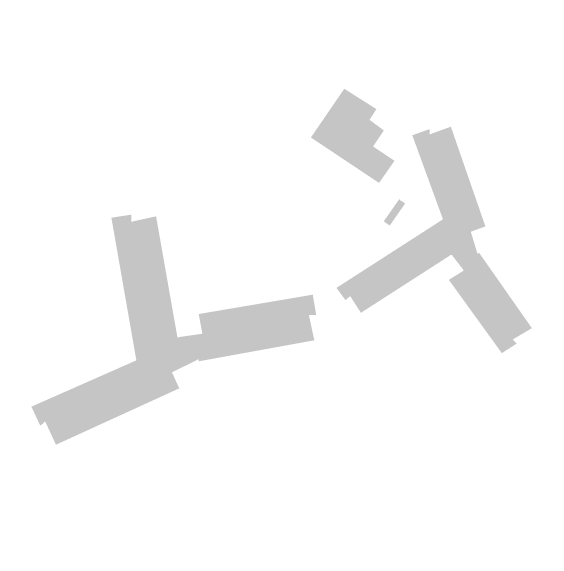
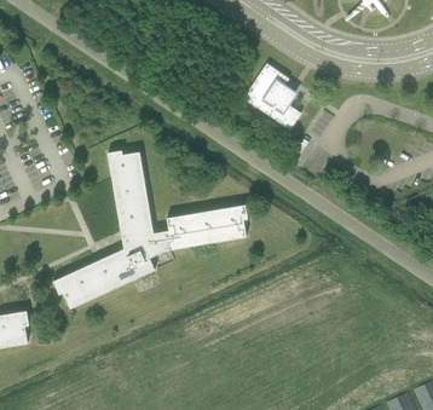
building: [335,126,533,354] -> none

